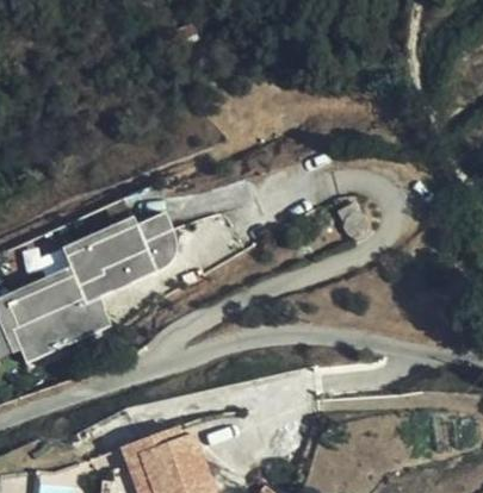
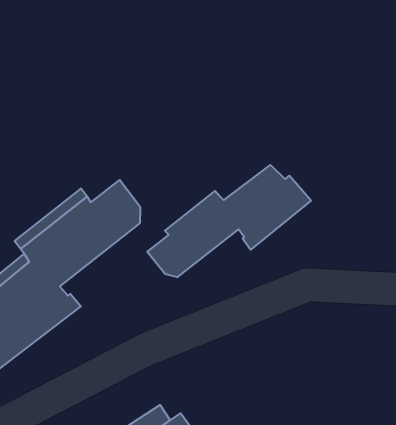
building: none -> [147,165,311,277]

